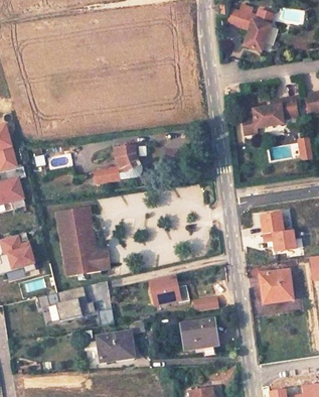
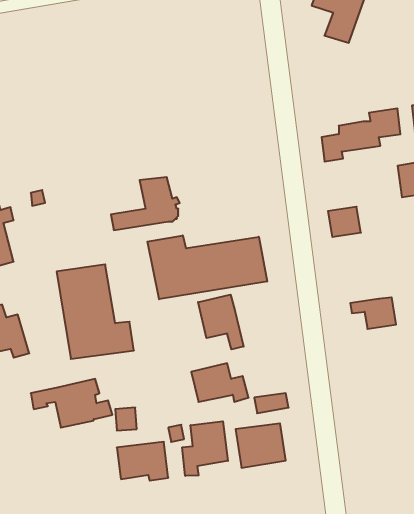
building: none -> [147,235,267,299]
building: [259,213,282,234] -> [328,207,361,237]
building: none -> [198,295,244,349]
building: [259,269,293,302] -> none
building: none -> [182,421,228,476]

